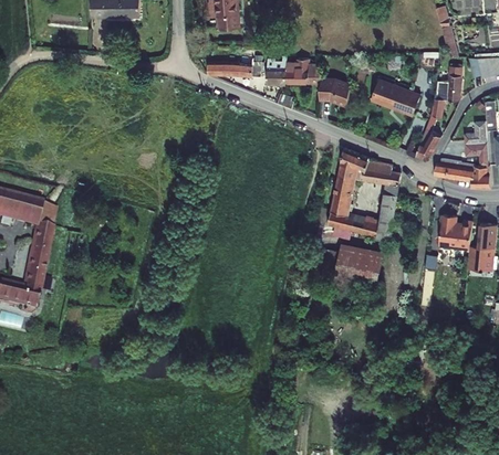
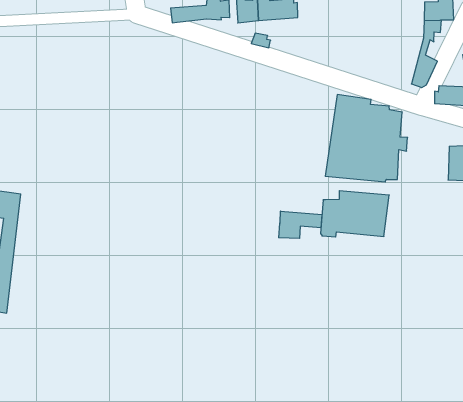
building: [319,75,350,102] -> none
building: [371,77,419,114] -> none
building: none -> [279,211,322,238]

